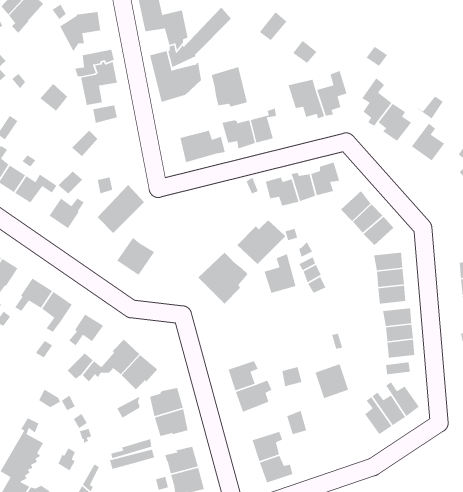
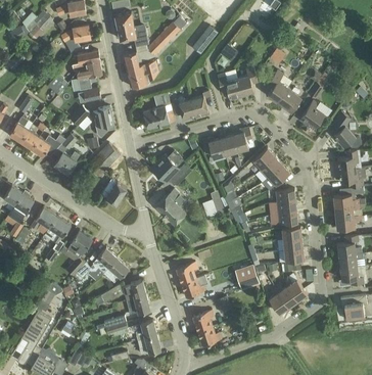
building: [211,66,248,107] -> none
building: none -> [92,106,114,137]
building: [236,220,286,265] -> [151,151,185,182]

